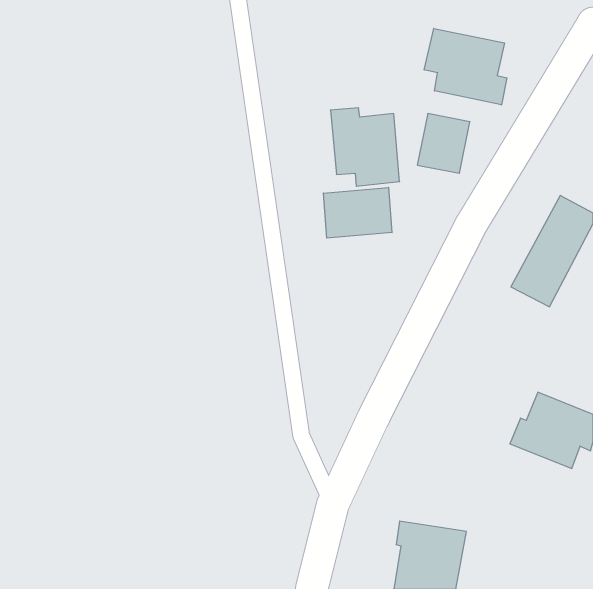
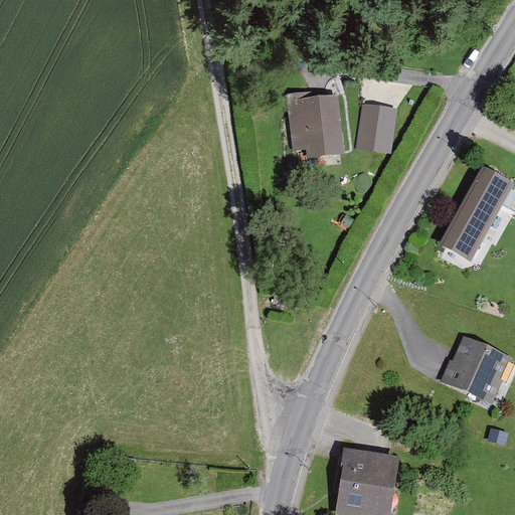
building: [424,28,507,105] -> none
building: [323,187,392,238] -> none

